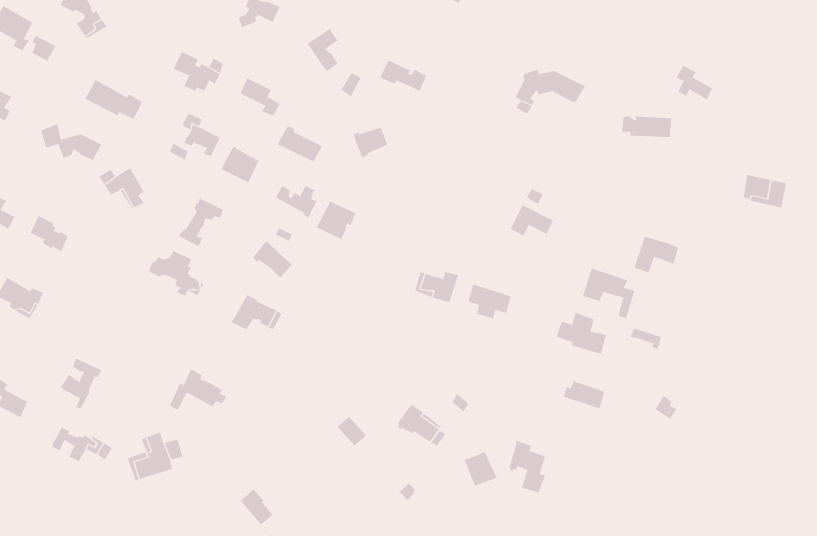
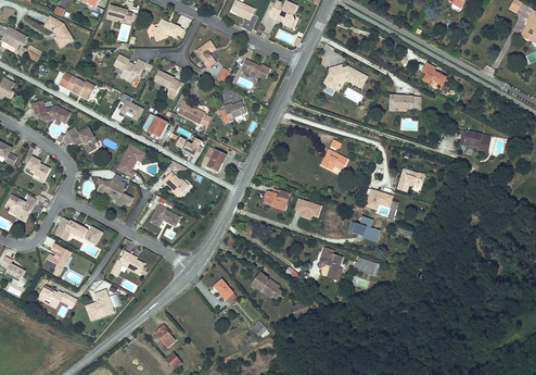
building: none -> [54,217,101,243]
building: [509,440,546,493] -> [319,247,342,279]

